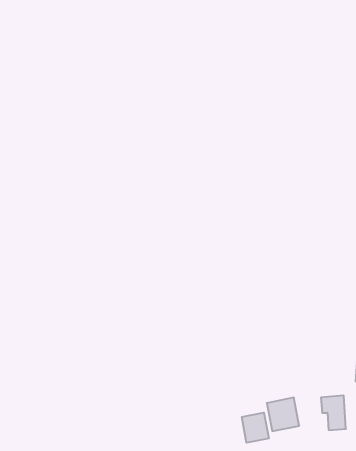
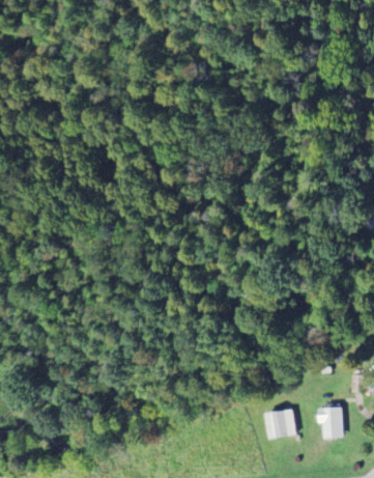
building: [242,413,269,443] -> none

